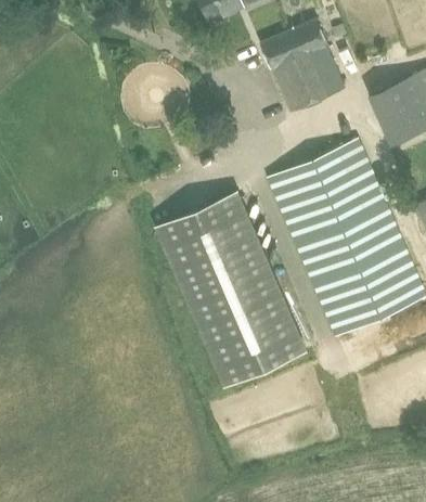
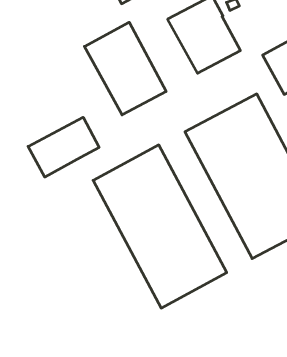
building: none -> [84,22,166,115]
building: none -> [28,117,99,177]

